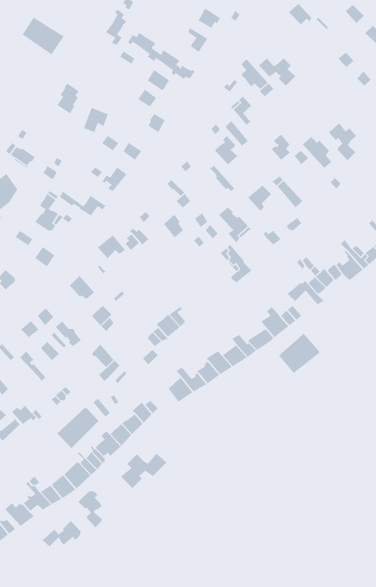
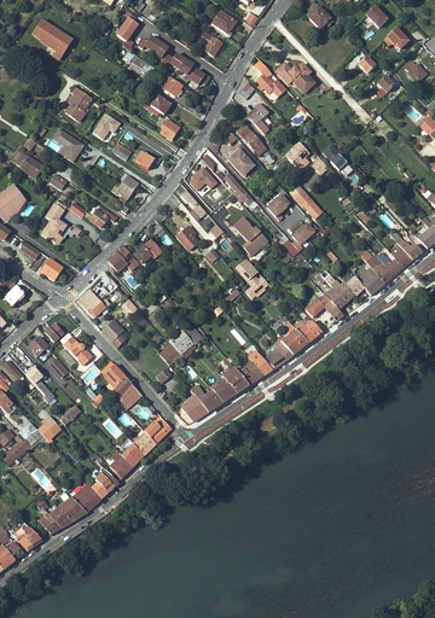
building: none -> [51,128,85,162]
building: [328,122,357,161] -> none
building: [278,333,321,374] -> none
building: [56,406,99,449] -> none
building: [120,453,167,489] -> none
building: [78,490,103,528] -> none
building: [42,520,81,547] -> none

